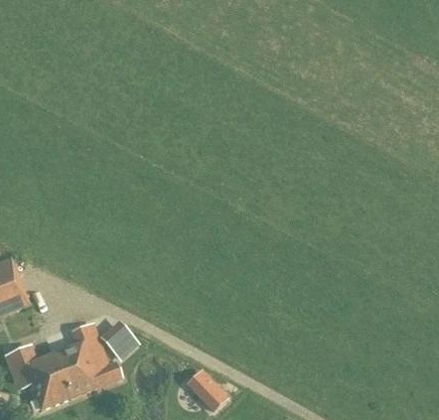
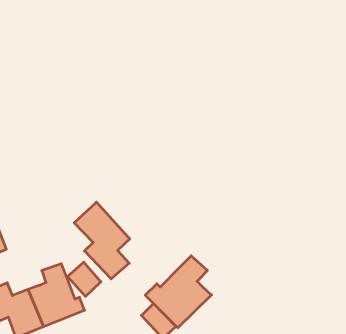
building: none -> [74,202,130,279]
building: none -> [145,256,212,328]

